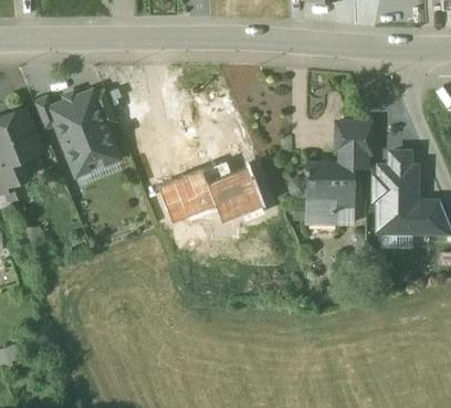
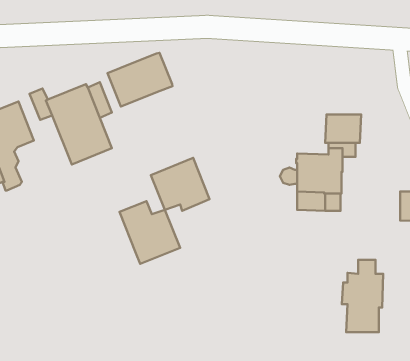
building: none -> [108,53,173,107]
building: [375,154,417,228] -> [342,260,383,332]
building: [201,157,263,221] -> [119,201,180,264]

